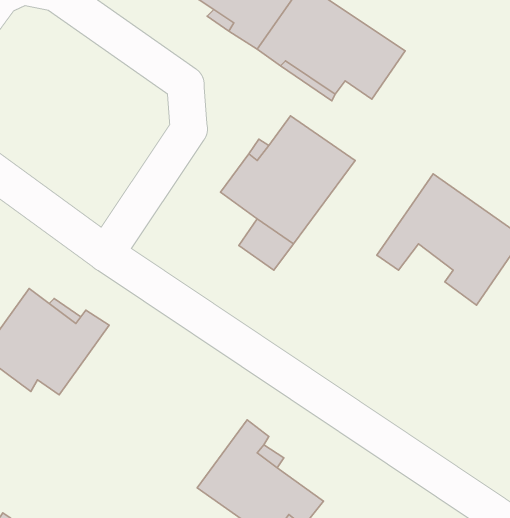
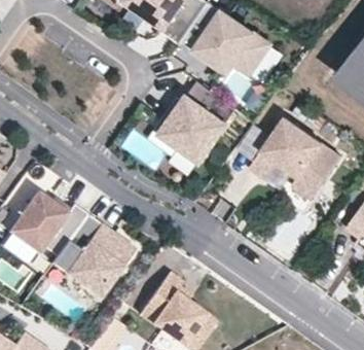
building: none -> [49,212,136,299]

